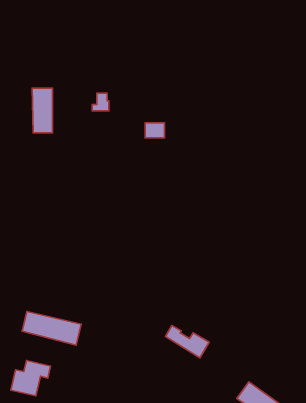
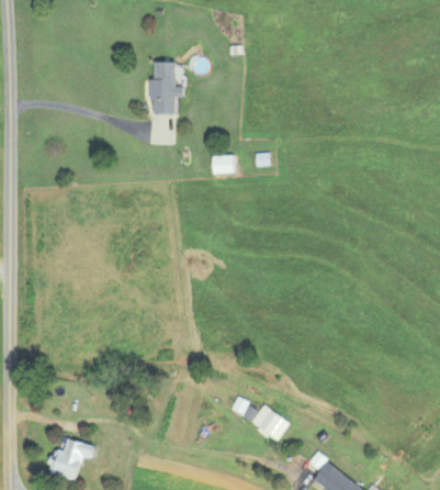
building: [32,88,53,133] -> [150,62,174,114]
building: [22,312,81,345] -> none

